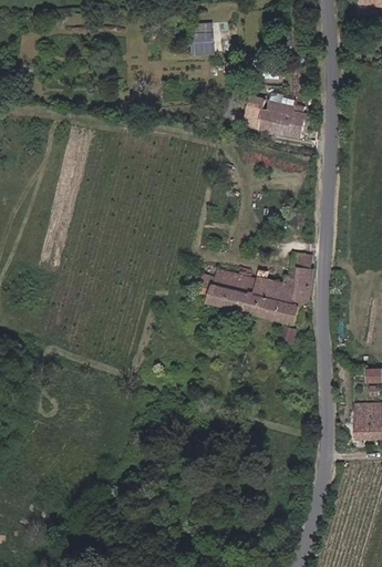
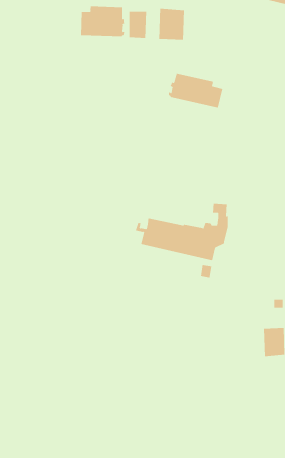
building: none -> [80,5,125,37]
building: none -> [159,8,184,40]

